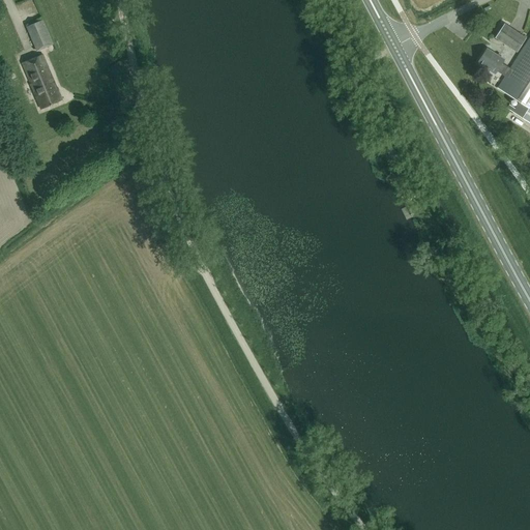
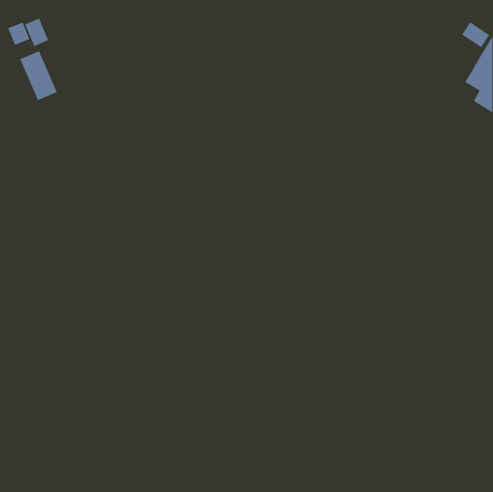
building: none -> [7,22,30,46]
building: [477,48,510,77] -> none

